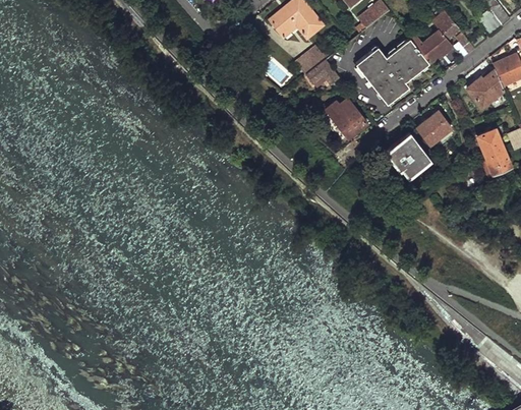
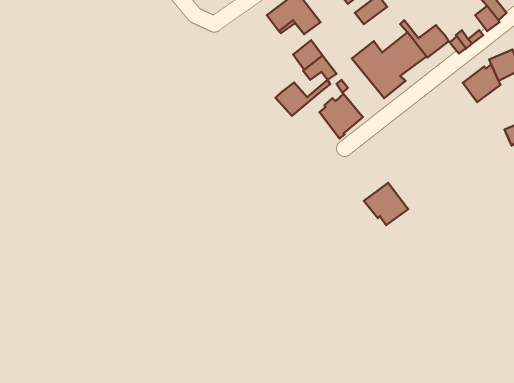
building: [433,11,462,40] -> none
building: none -> [276,80,330,116]
building: [417,112,452,145] -> none
building: [478,119,512,175] -> none
building: [386,133,430,176] -> [364,183,408,225]

